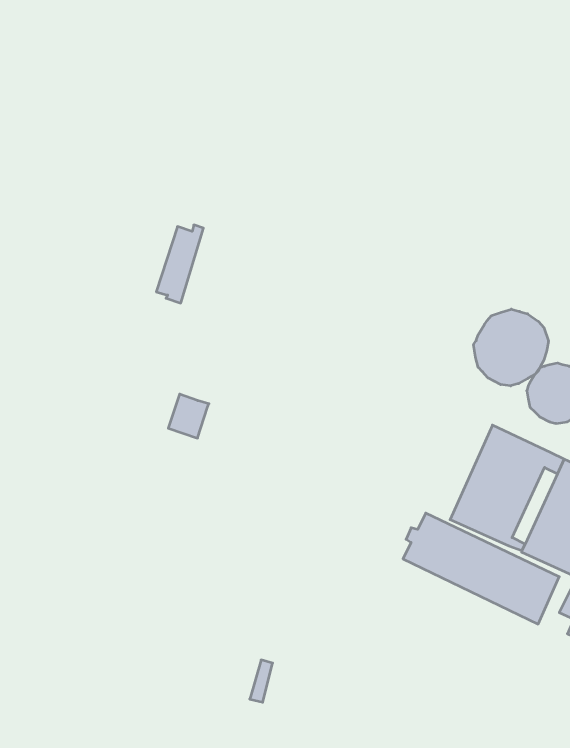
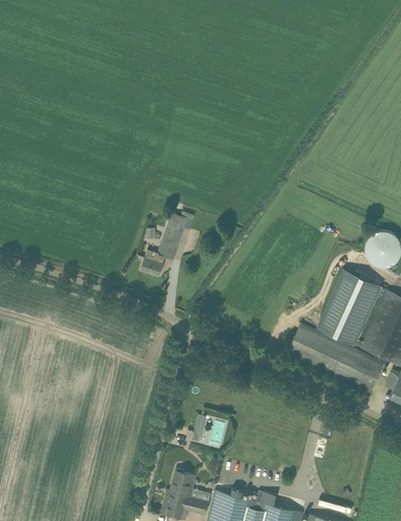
building: [156,225,203,303] -> [158,212,187,260]
building: [474,309,548,386] -> none

